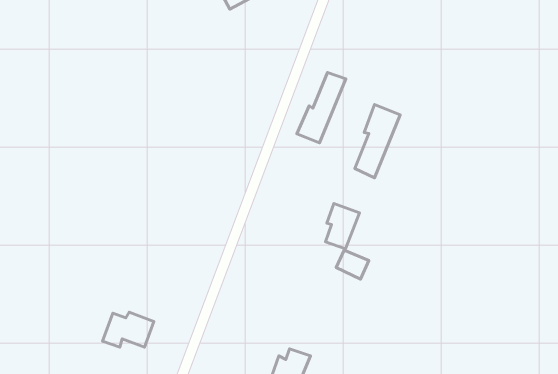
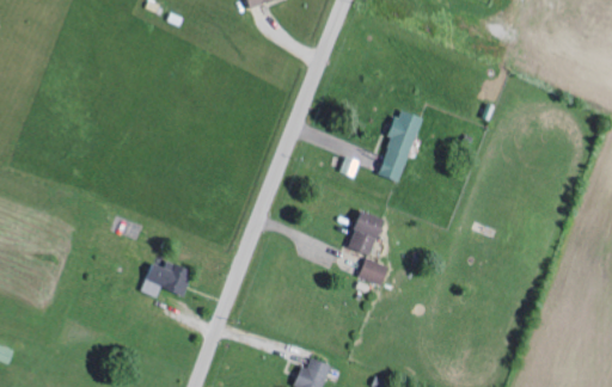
building: [297,73,346,143] -> none
building: [102,312,154,347] -> [141,262,194,297]

